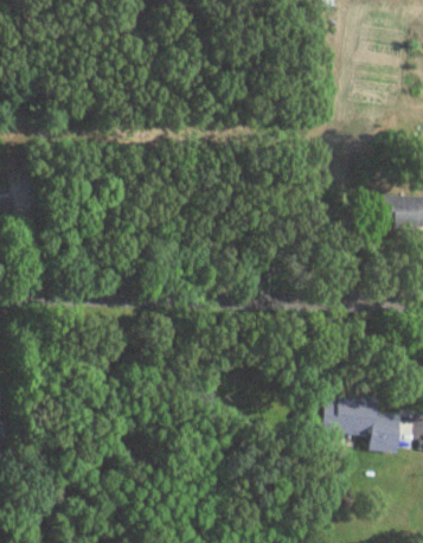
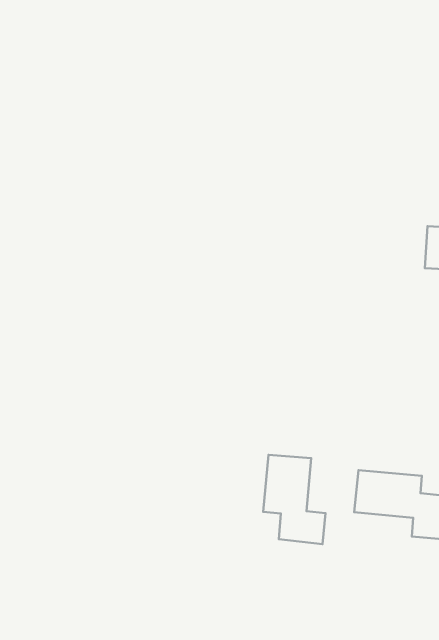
building: none -> [263,455,326,544]

